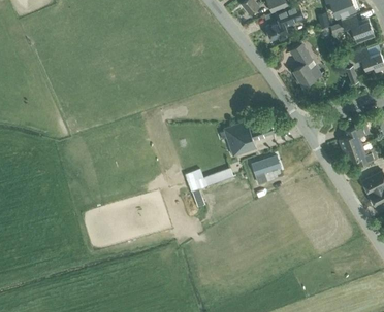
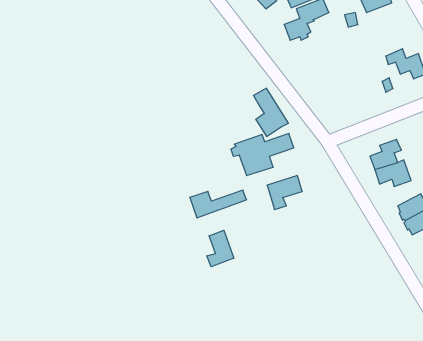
building: [341,15,375,43] -> none
building: [291,44,321,85] -> [253,88,288,137]
building: none -> [207,230,234,267]

